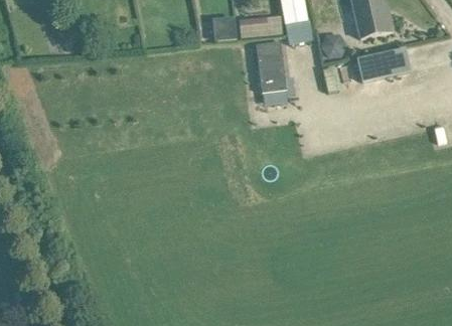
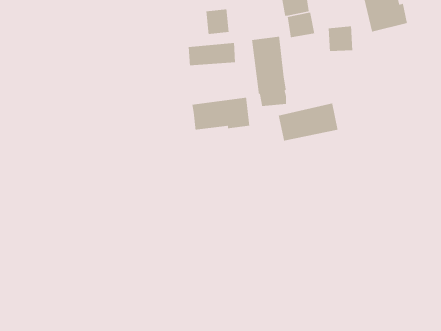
building: [240,14,282,35] -> [188,42,236,66]
building: [359,48,413,83] -> [278,103,339,141]
building: none -> [191,97,250,131]

